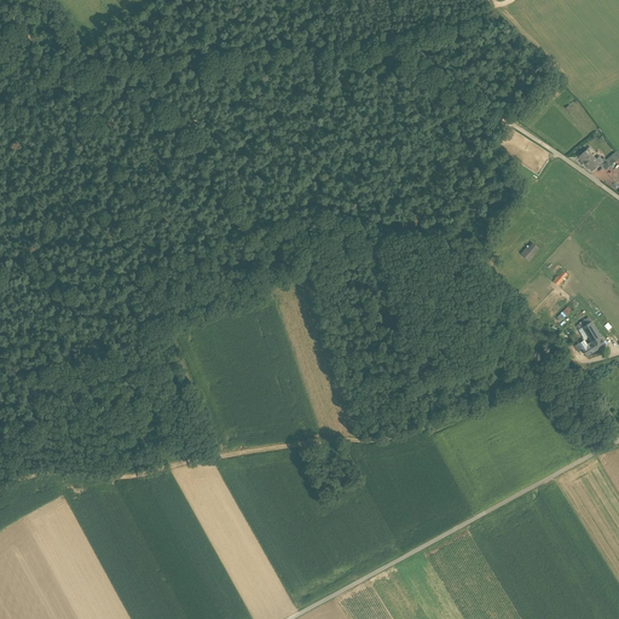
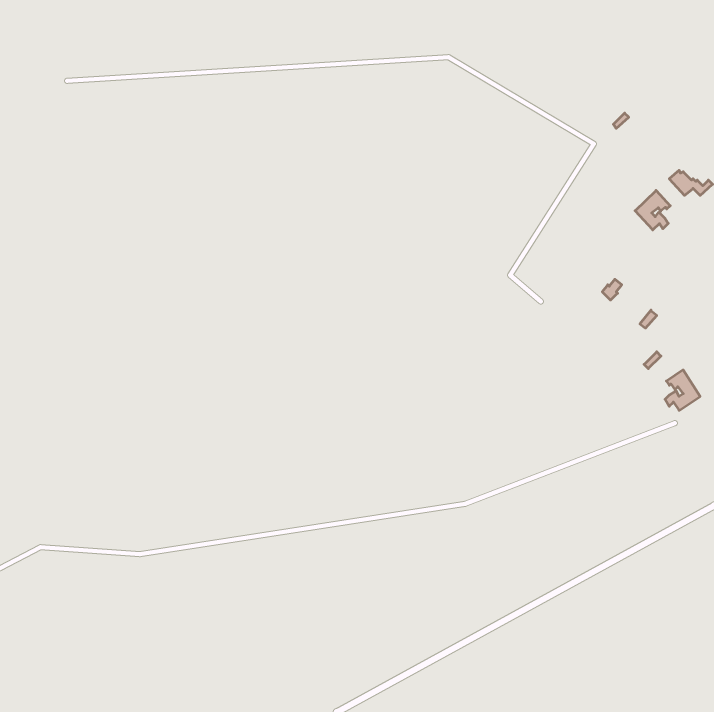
building: none -> [635,190,670,230]

